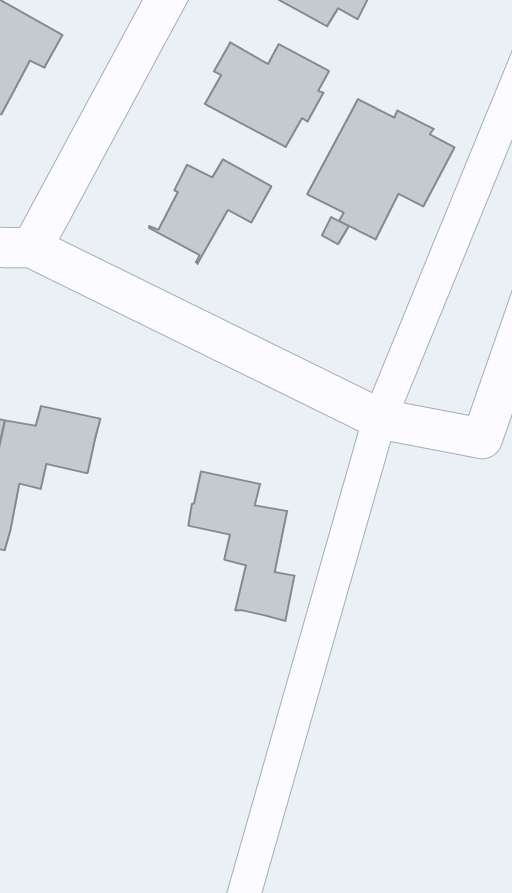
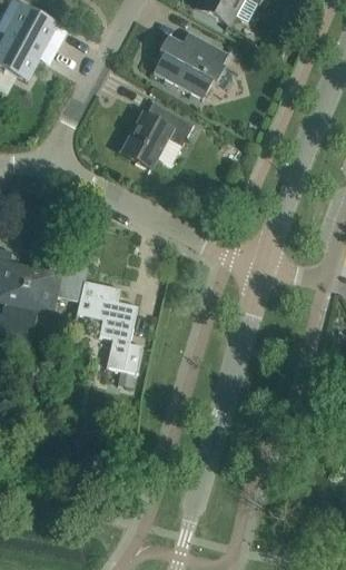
building: [307,99,455,240] -> none
building: [188,471,295,621] -> [77,281,142,373]

